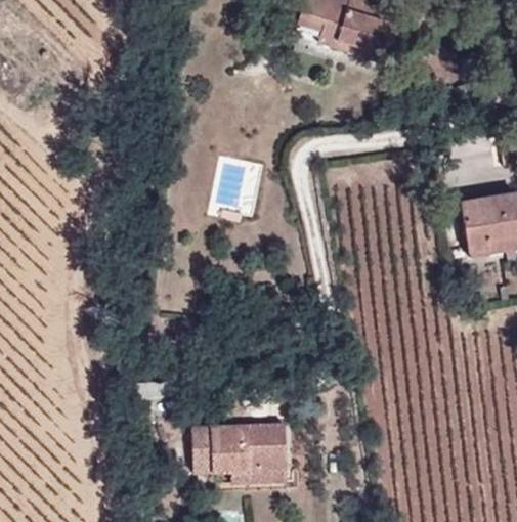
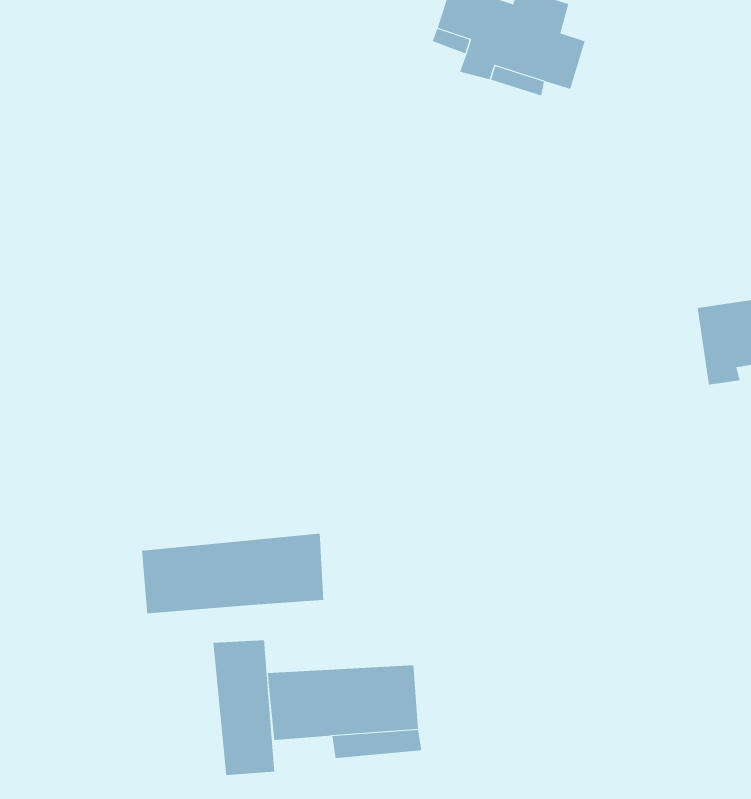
building: none -> [142,533,324,614]
building: none -> [213,639,275,776]

